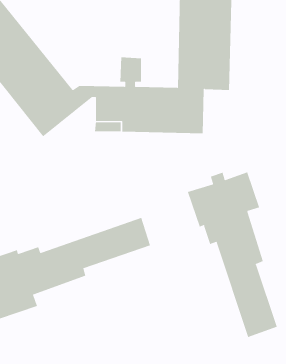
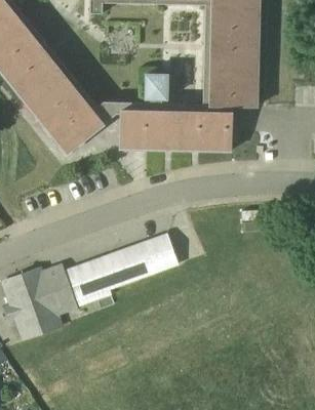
building: [187,172,277,338] -> none

